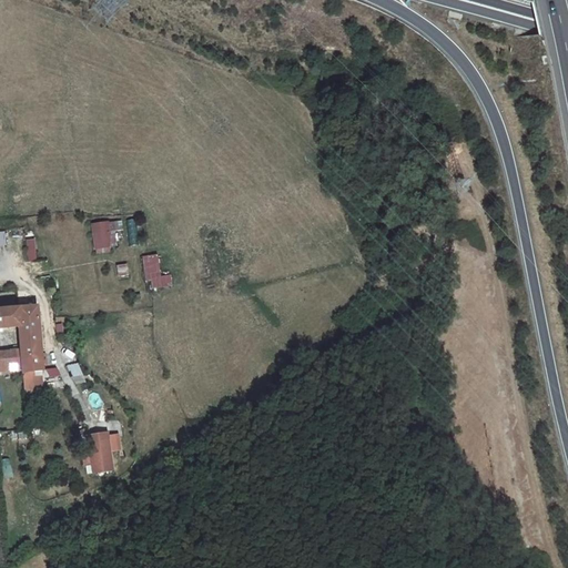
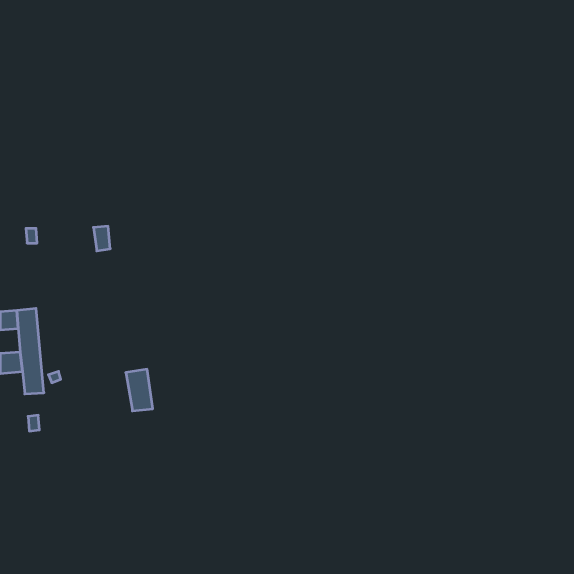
building: [144,255,173,287] -> none
building: [88,432,114,473] -> [126,369,153,411]

